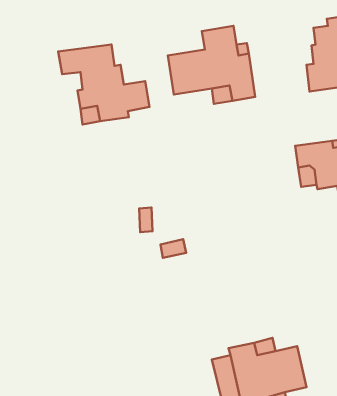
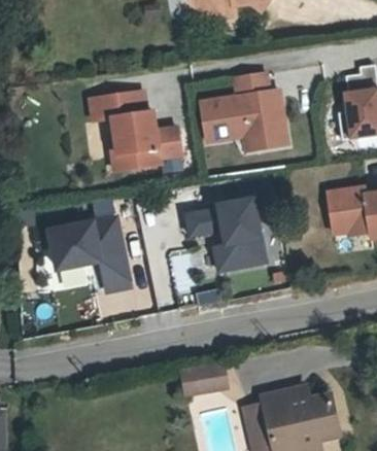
building: none -> [186,197,266,271]
building: none -> [49,217,130,289]
building: none -> [181,363,227,391]

